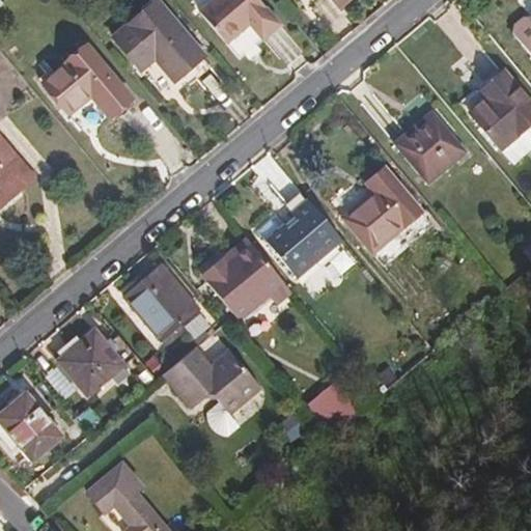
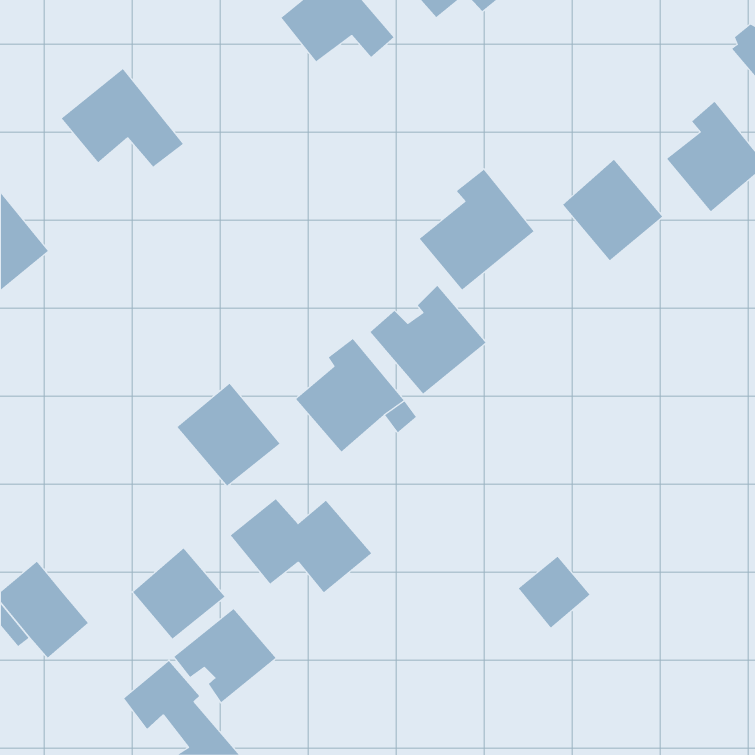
building: [114,4,203,81] -> none
building: [340,168,421,253] -> [419,169,534,291]
building: [59,330,124,394] -> [132,548,226,640]
building: [307,382,358,432] -> [518,556,590,629]
building: none -> [173,608,276,703]

